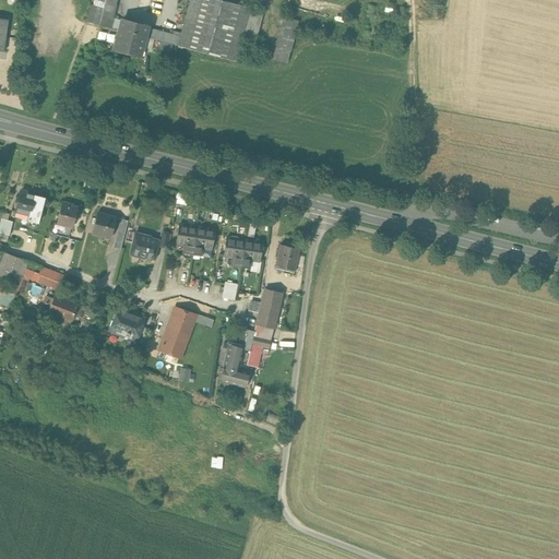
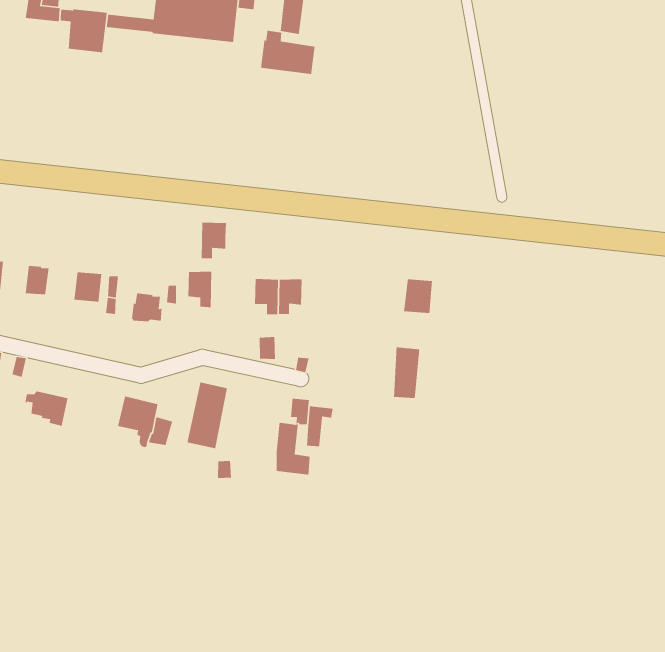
building: none -> [260,30,316,75]
building: [192,227,215,255] -> [201,222,227,259]
building: [274,245,299,273] -> [403,278,433,314]
building: [257,288,282,329] -> [393,346,420,399]

